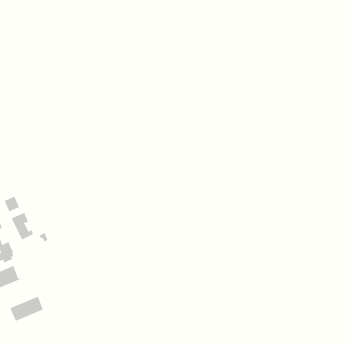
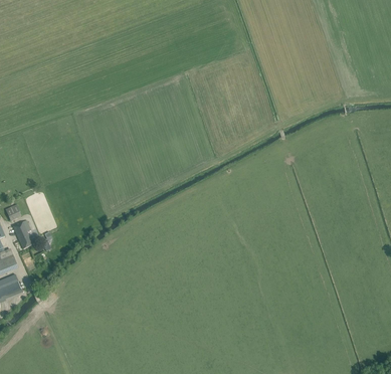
building: [9,296,44,323] -> none

